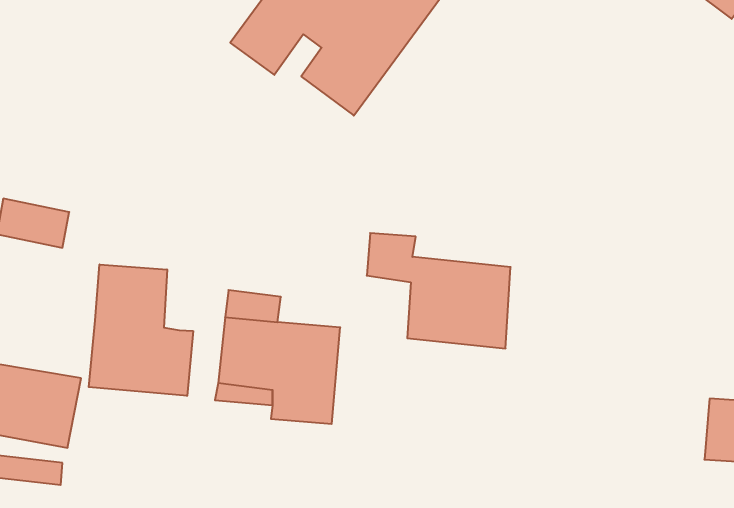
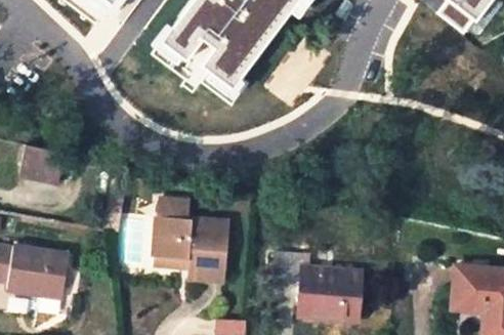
building: [367,233,511,348] -> [271,249,359,319]
building: [89,264,193,396] -> none

